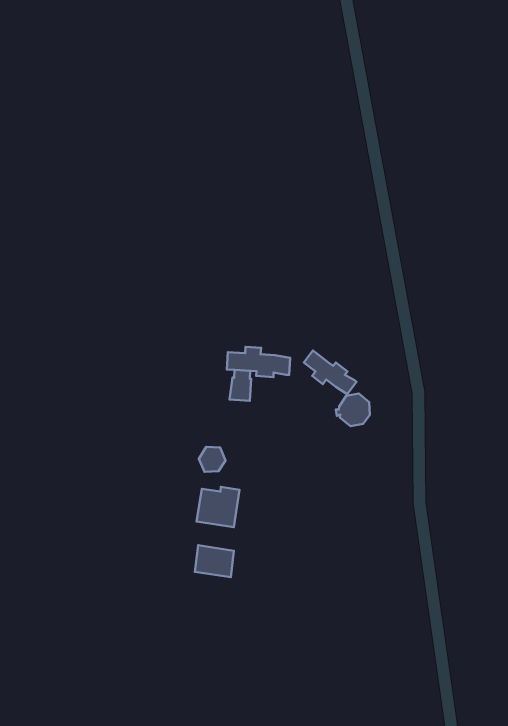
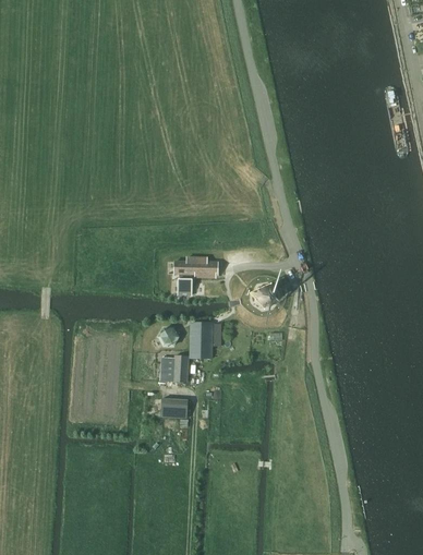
building: [304,350,356,394] -> none
building: none -> [190,323,213,358]

